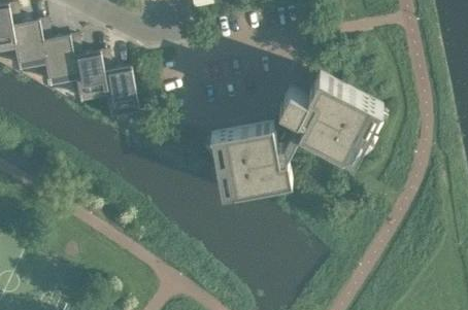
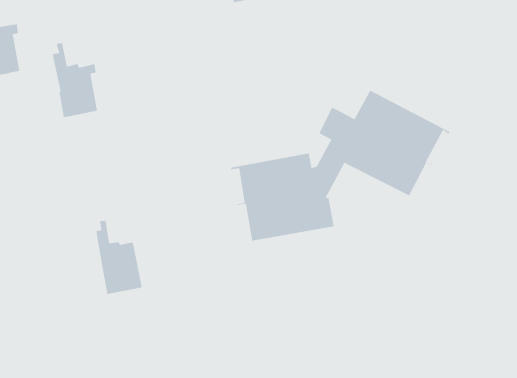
building: [40,19,76,81] -> none
building: [101,50,139,113] -> [95,217,144,297]

